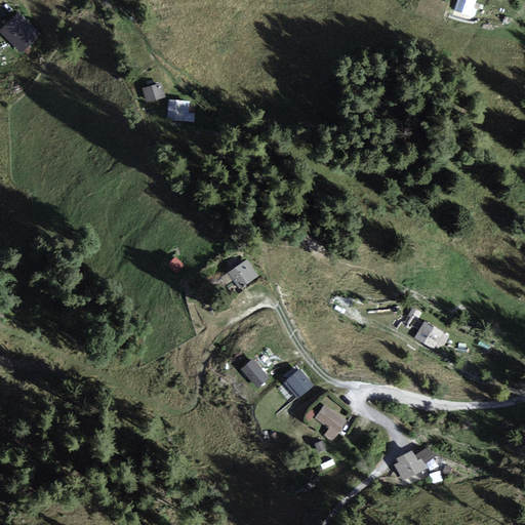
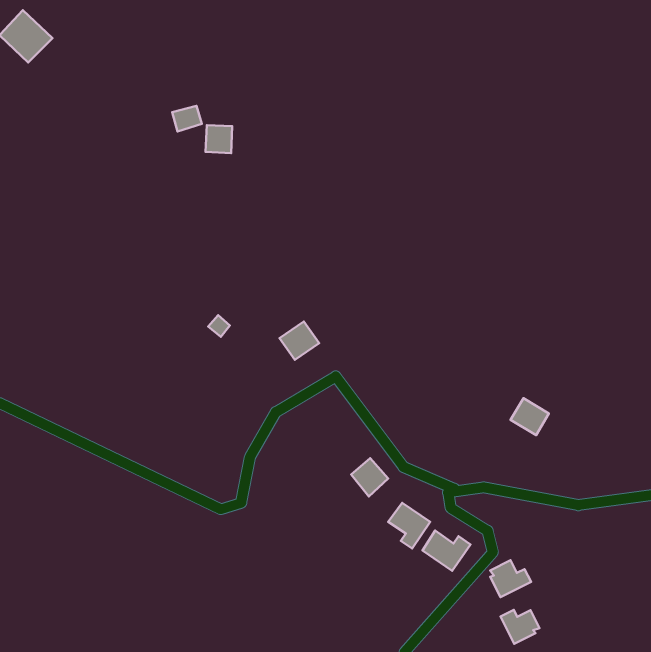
building: [241,356,272,387] -> none
building: none -> [423,531,471,571]
building: none -> [501,610,540,644]

